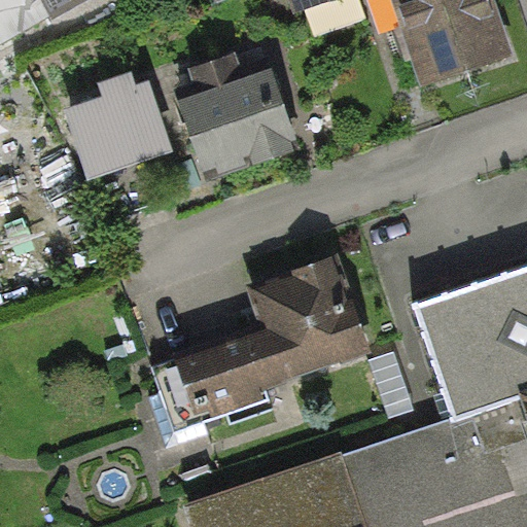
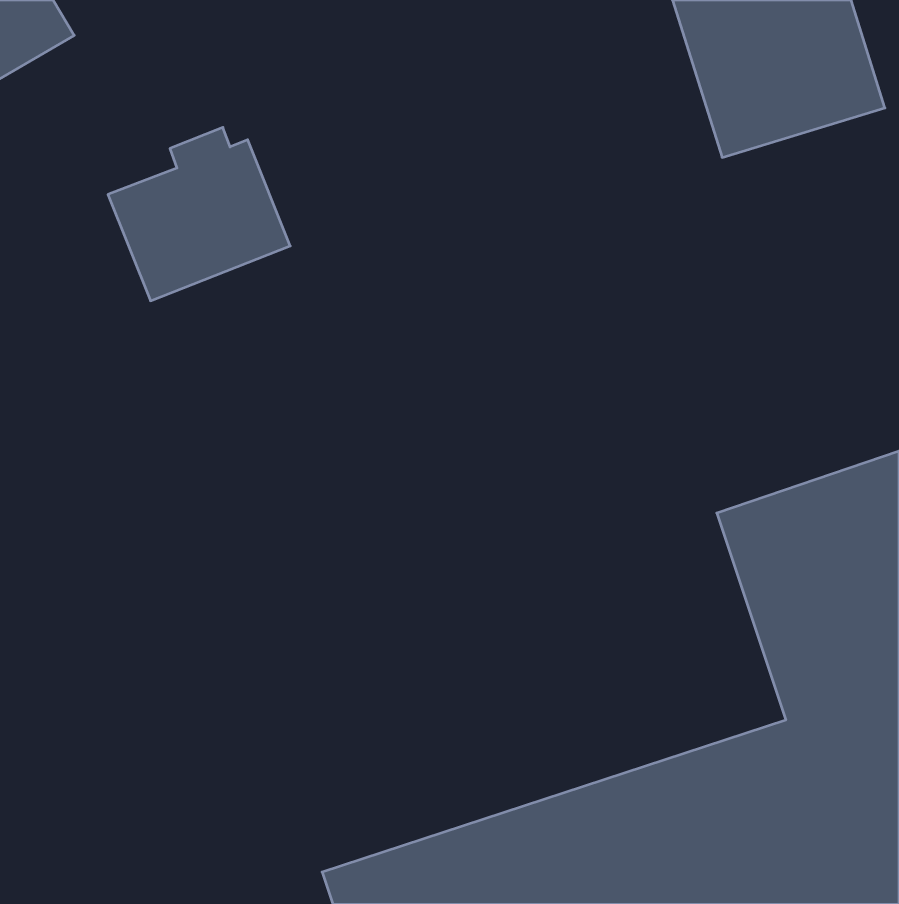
building: [174,69,294,180] -> none
building: [162,250,378,426] -> none

